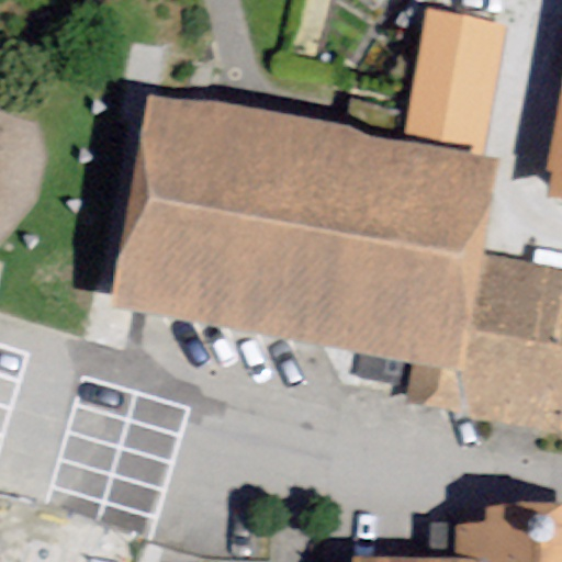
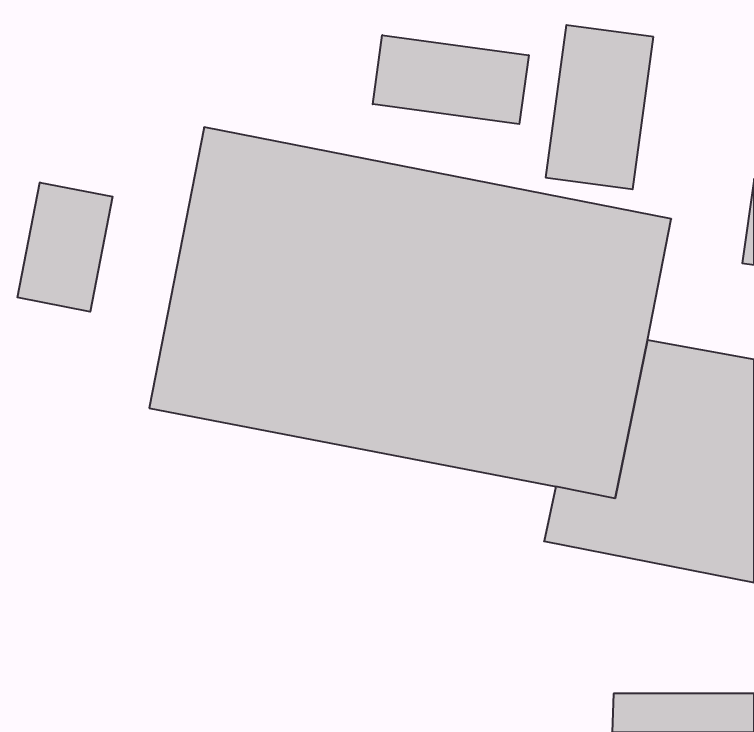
building: none -> [373,35,529,124]
building: none -> [17,182,113,312]

